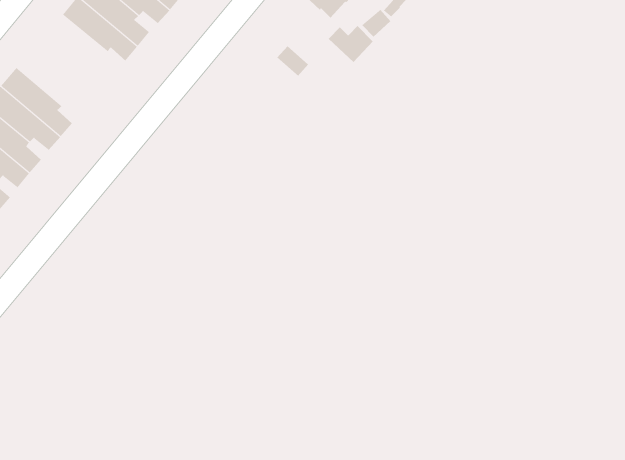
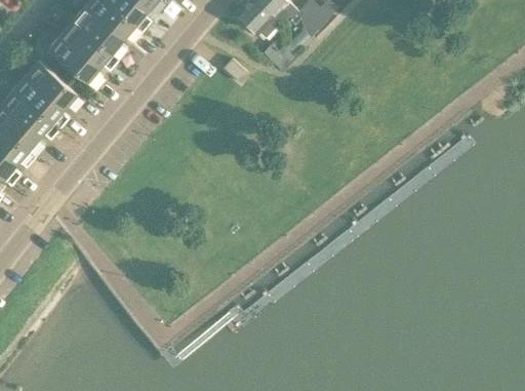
building: none -> [47,36,104,90]
building: none -> [26,62,84,112]

